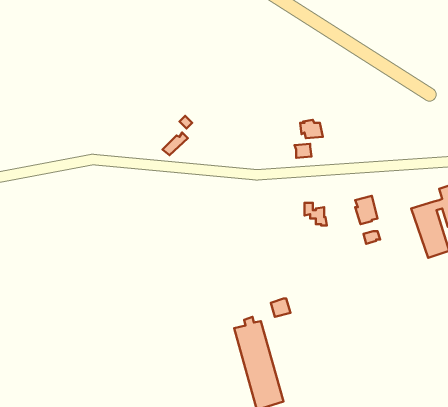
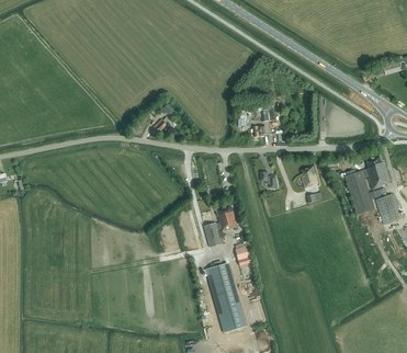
building: none -> [204,204,238,247]

